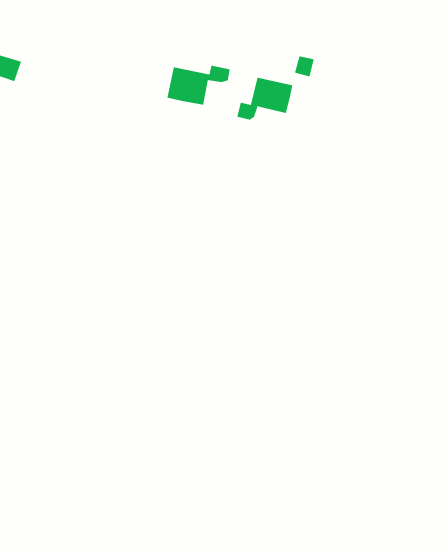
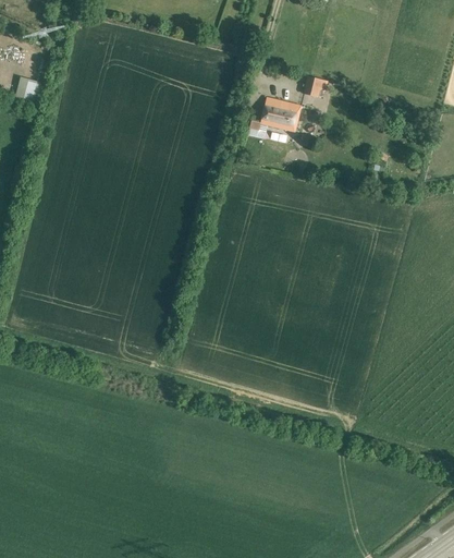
building: [167,65,230,106] -> none

